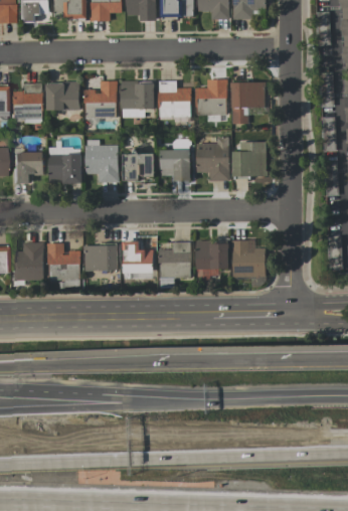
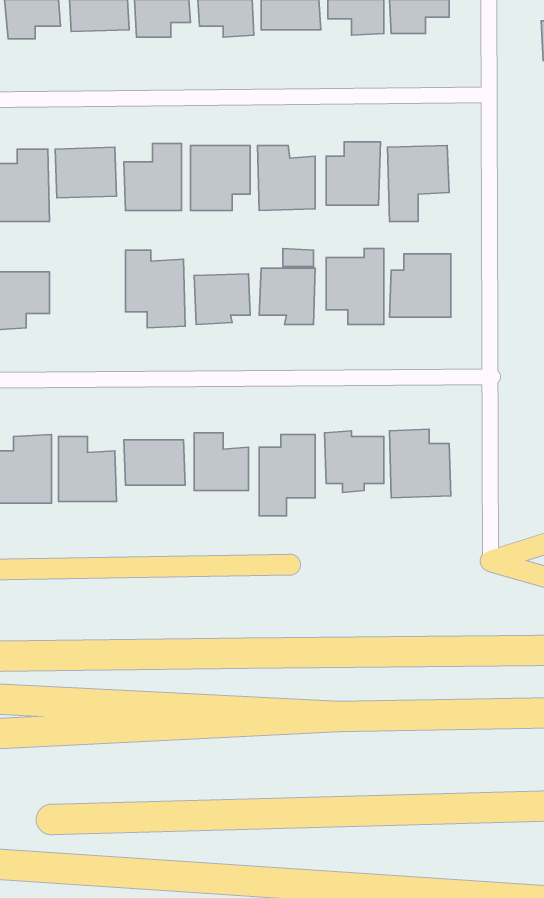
building: [47,148,80,184] -> none

